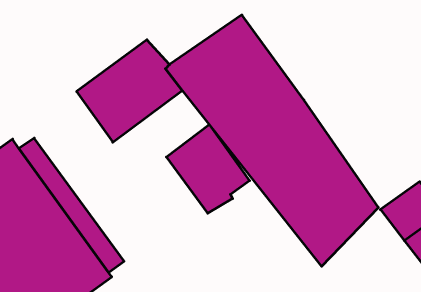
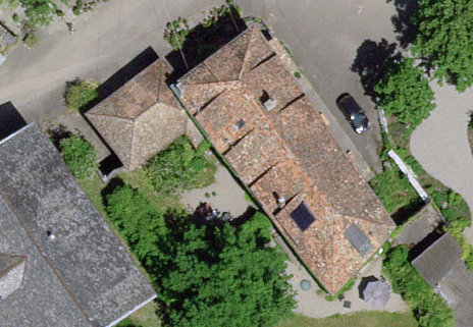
building: [166,125,250,213] -> none

